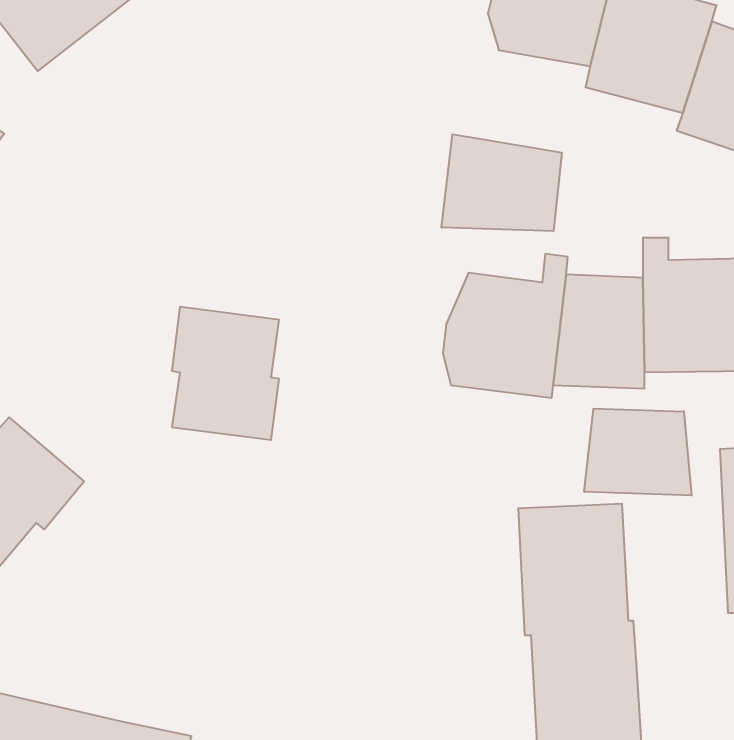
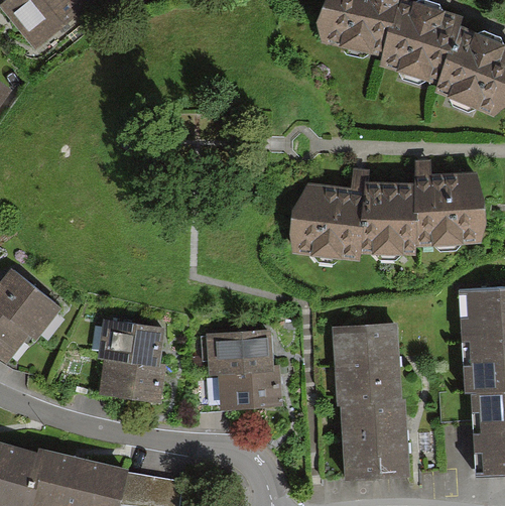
building: [442,134,562,231] -> none
building: [172,307,279,440] -> [98,320,165,403]
building: [584,409,691,496] -> none
building: none -> [207,333,283,414]

